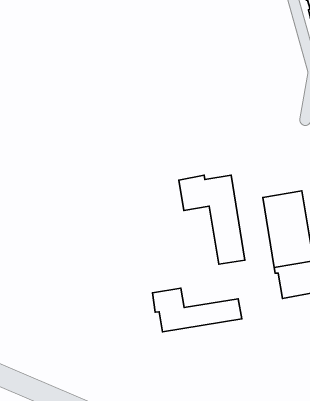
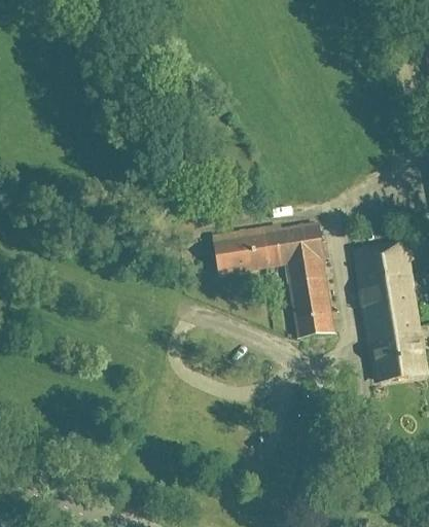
building: none -> [218,231,258,274]
building: [153,288,242,332] -> none

